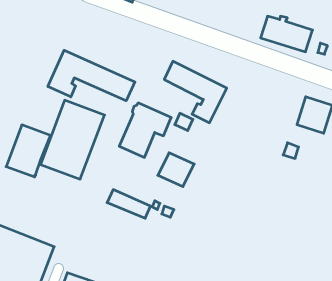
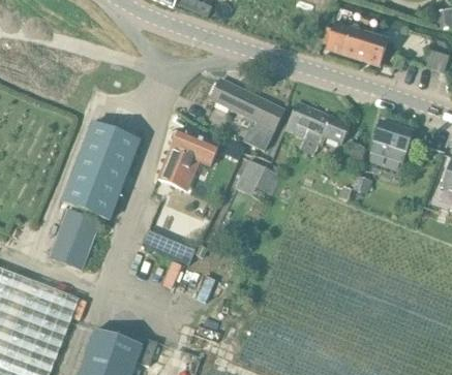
building: [48,50,135,101] -> none
building: none -> [283,100,351,145]
building: [6,125,50,177] -> [48,208,100,270]
building: [158,153,194,187] -> [236,159,279,199]

